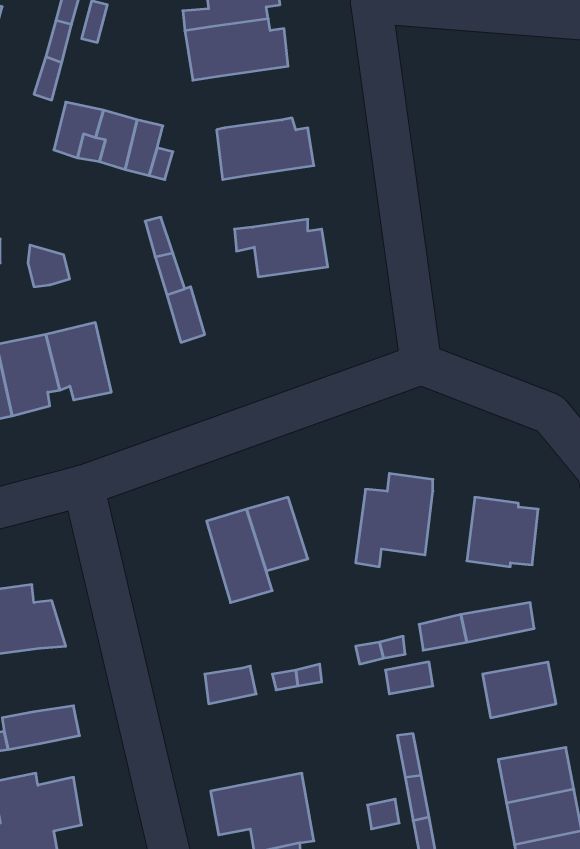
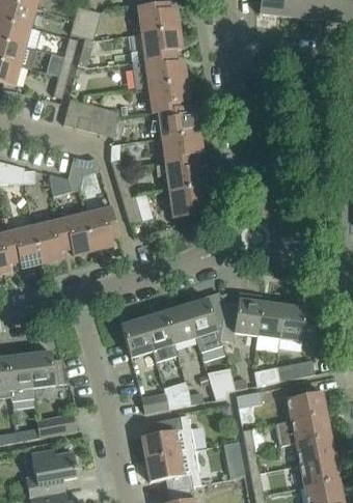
building: none -> [150,80,189,112]
building: none -> [164,132,202,164]
building: none -> [69,157,100,191]
building: none -> [170,185,210,217]
building: none -> [85,207,118,250]
building: none -> [186,292,227,348]
building: none -> [257,302,283,338]
building: none -> [120,317,153,357]
building: none -> [277,413,331,445]
building: none -> [141,415,193,458]

